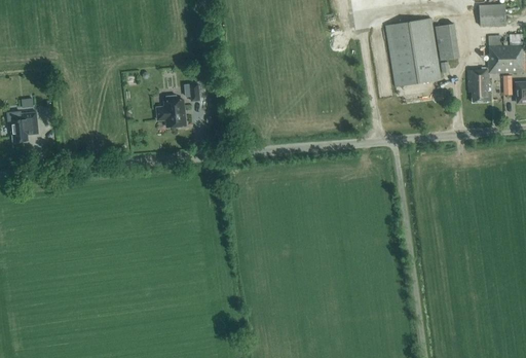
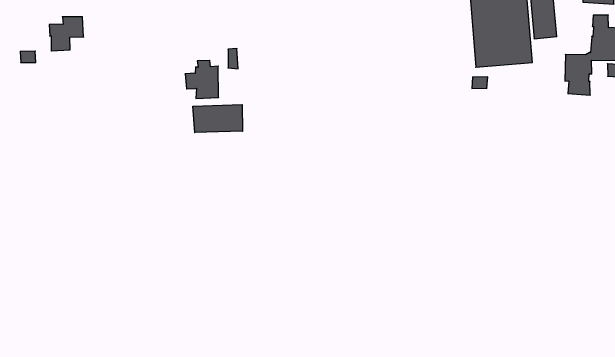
building: [10,112,39,142] -> [49,17,84,51]
building: none -> [193,105,243,133]

